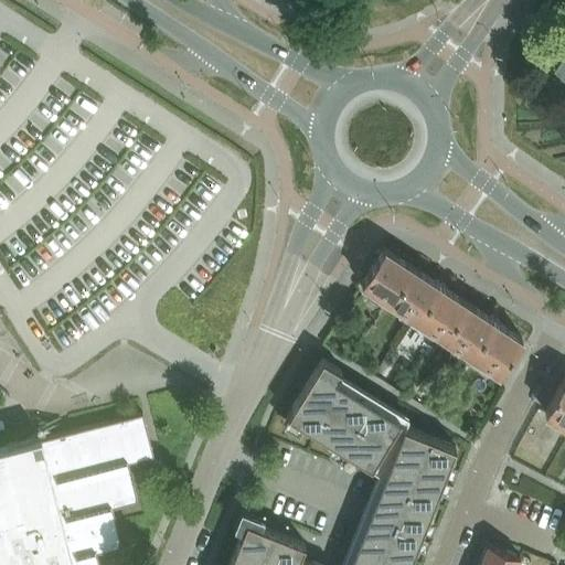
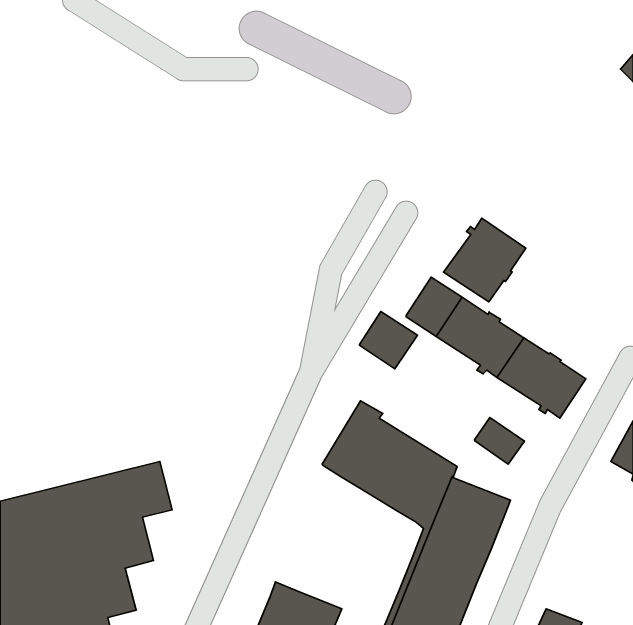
building: none -> [444,218,526,302]
building: none -> [359,311,417,369]
building: none -> [474,417,525,464]

